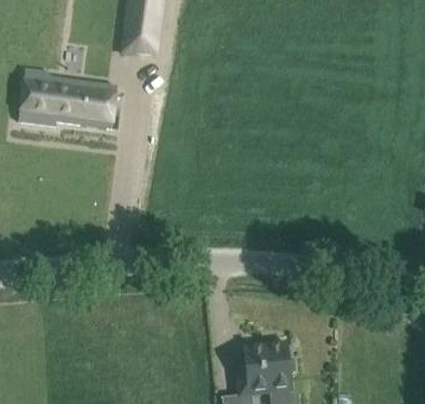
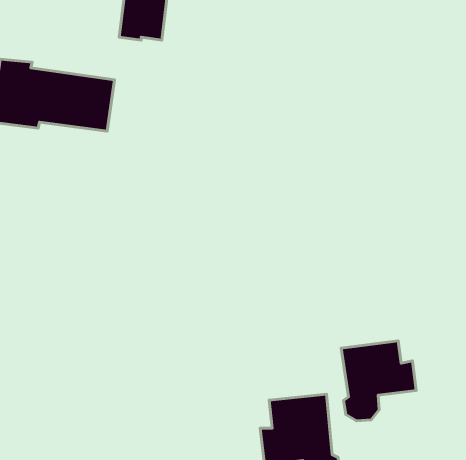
building: none -> [341,341,416,421]

